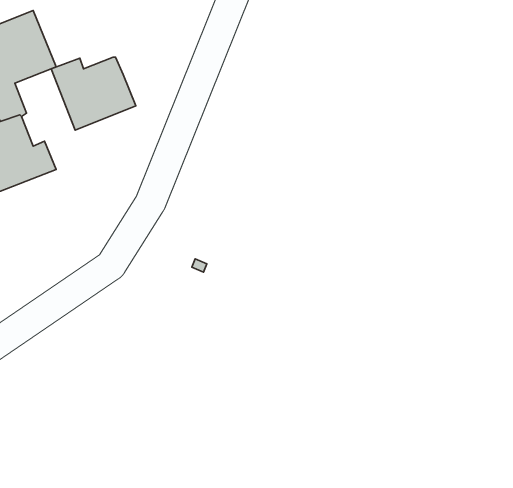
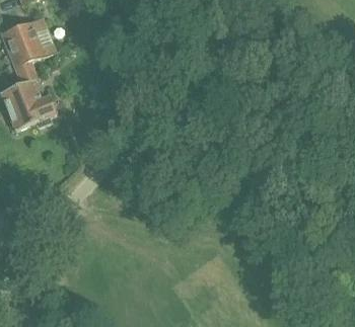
building: [51,57,136,130] -> none

